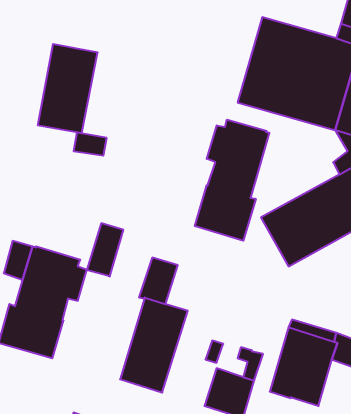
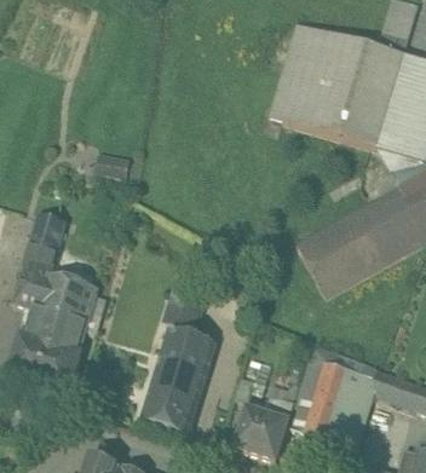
building: [38,44,98,133] -> none
building: [195,120,269,241] -> none
building: [87,223,123,276] -> [23,215,63,273]

